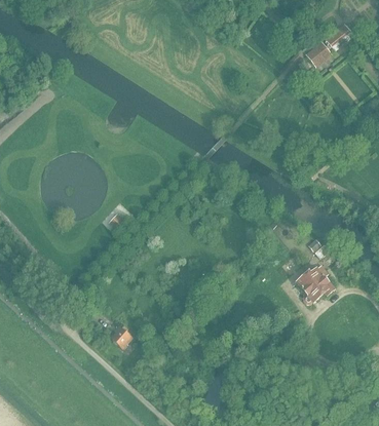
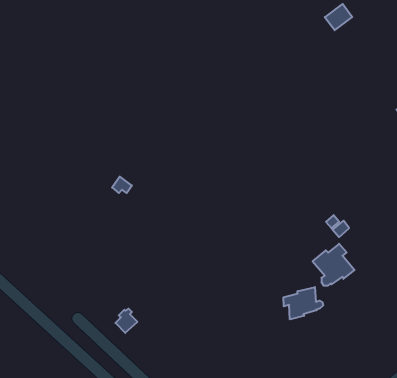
building: none -> [283,287,323,319]

